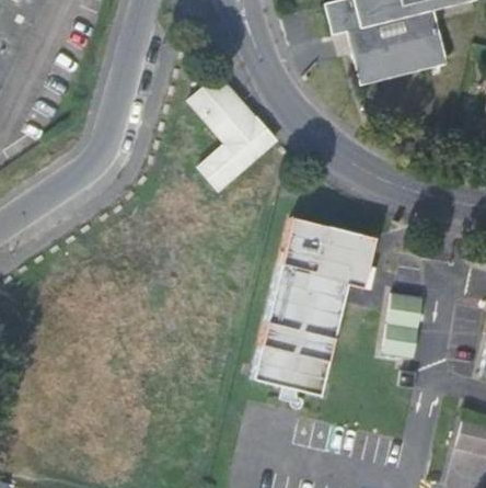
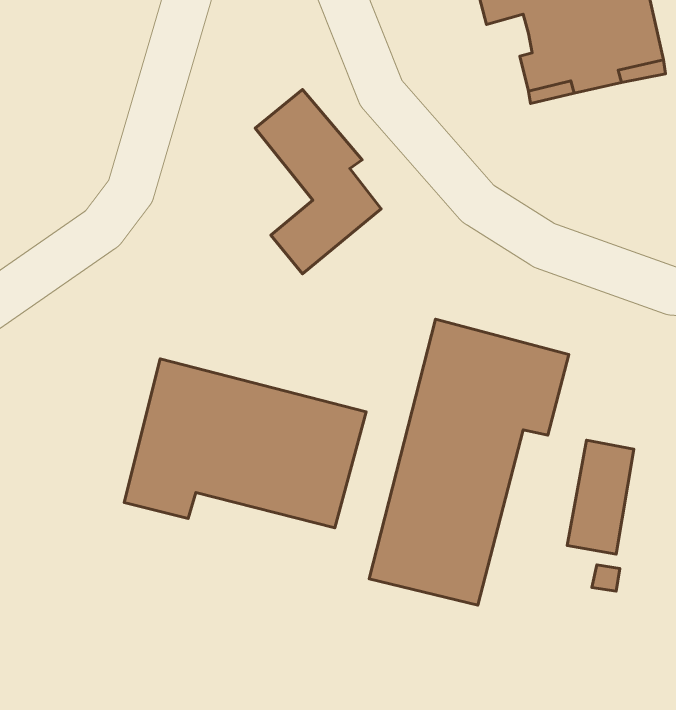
building: none -> [124,359,366,528]

